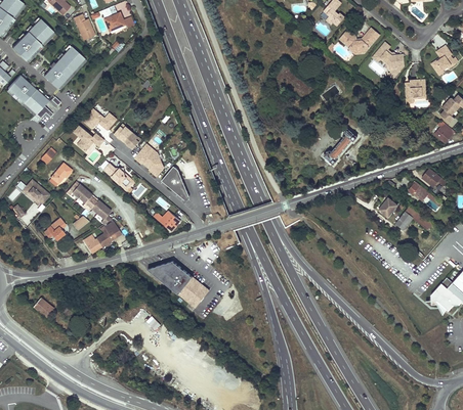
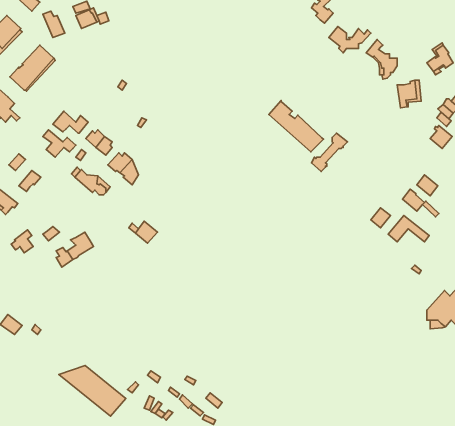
building: none -> [269,101,323,152]
building: [162,167,188,199] -> none
building: [67,183,112,224] -> none
building: [148,261,210,308] -> [59,366,126,416]

